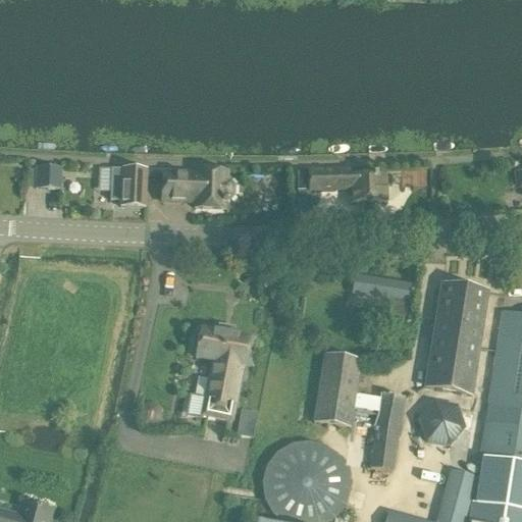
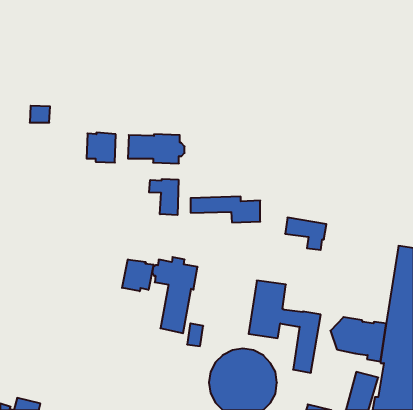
building: [36,166,61,188] -> [30,106,50,123]
building: [298,168,385,201] -> [191,197,260,222]
building: none -> [149,179,178,215]
building: [426,283,488,395] -> none
building: none -> [122,259,154,291]

